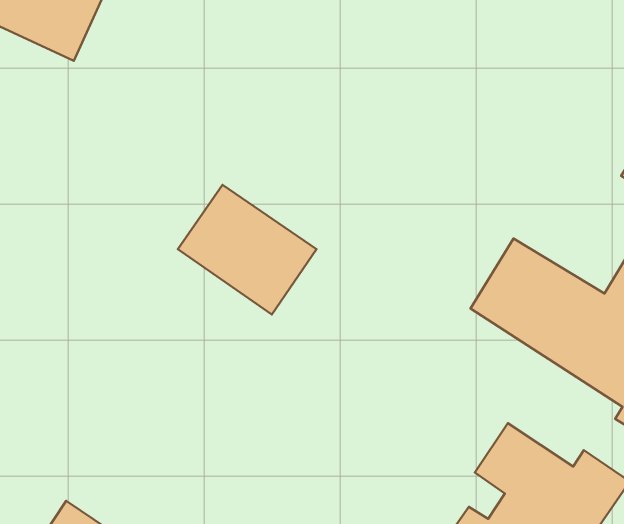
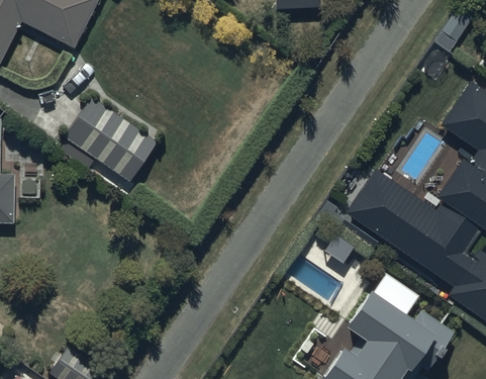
building: [178,185,317,315] -> [63,93,157,181]

